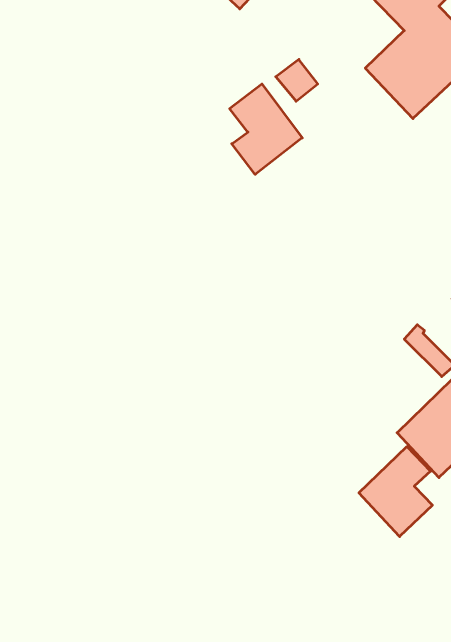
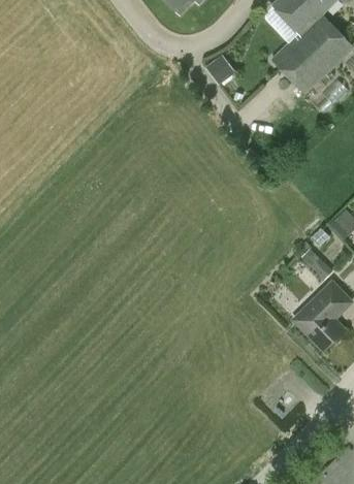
building: [230,84,302,174] -> none
building: [359,447,432,537] -> none

